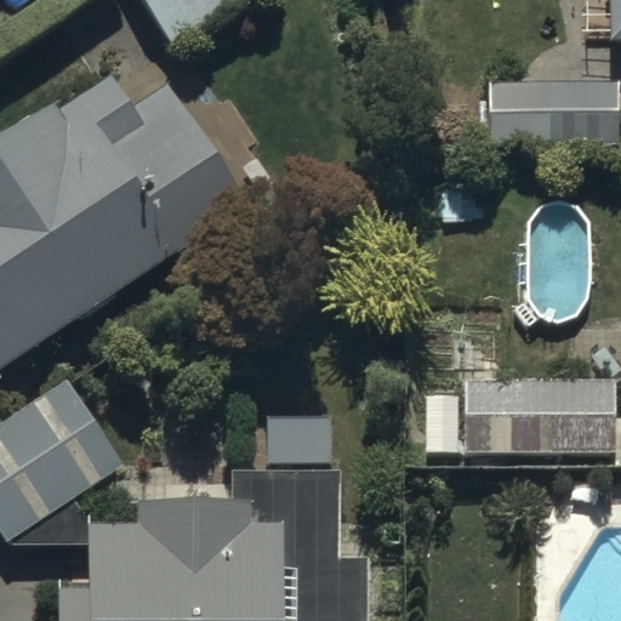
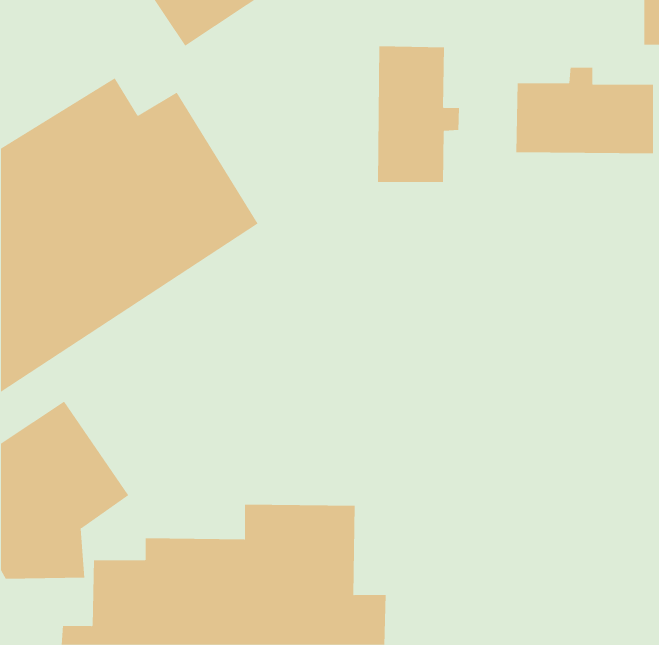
building: none -> [378,45,459,183]
building: [458,372,613,450] -> none

